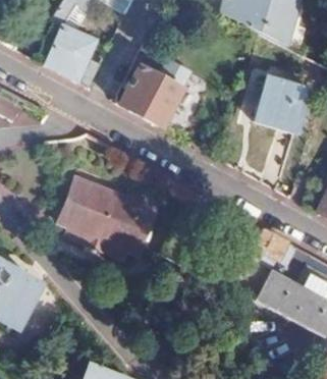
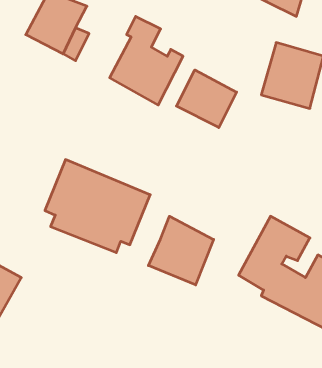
building: none -> [176,70,237,128]
building: none -> [148,216,214,285]

